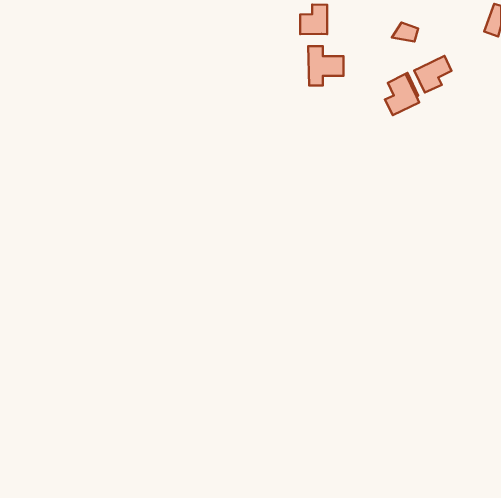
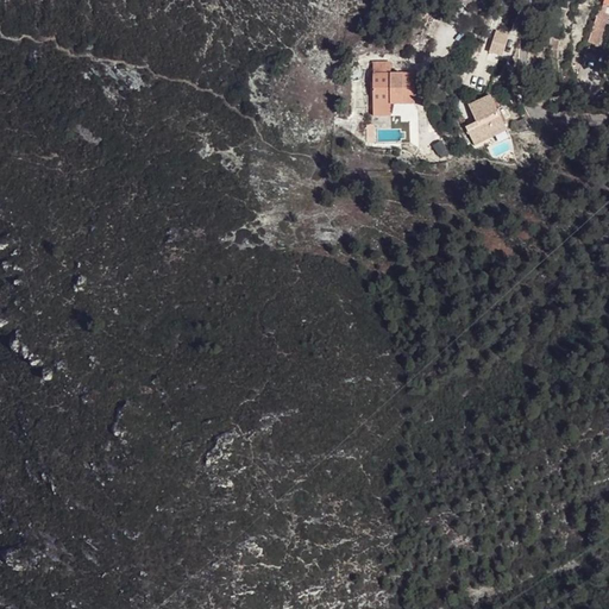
building: [300,5,327,34] -> none
building: [414,56,452,93] -> none

